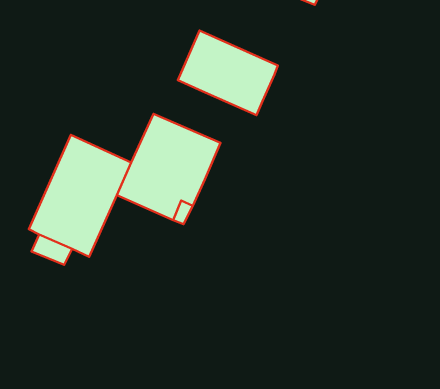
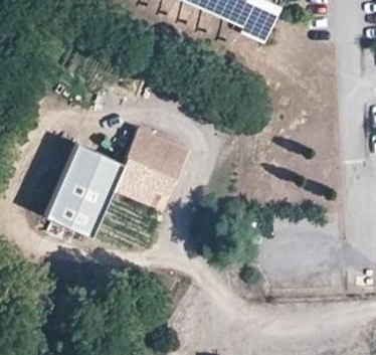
building: [178,31,278,115] -> none

